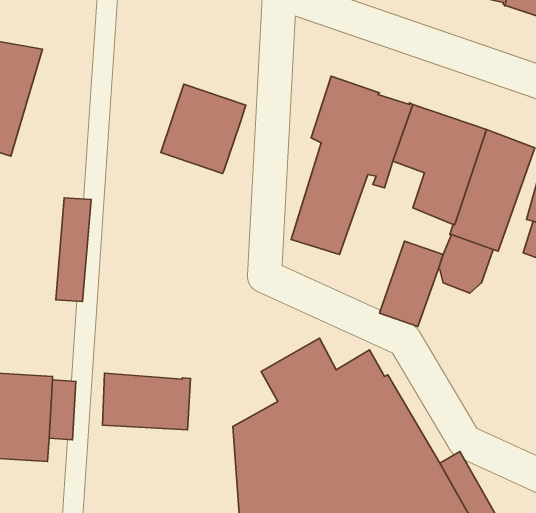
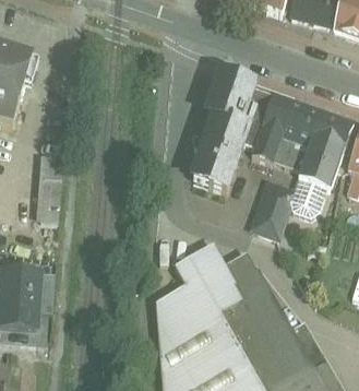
building: [161,84,246,173] -> none
building: none -> [252,128,282,161]
building: [103,373,191,430] -> none

